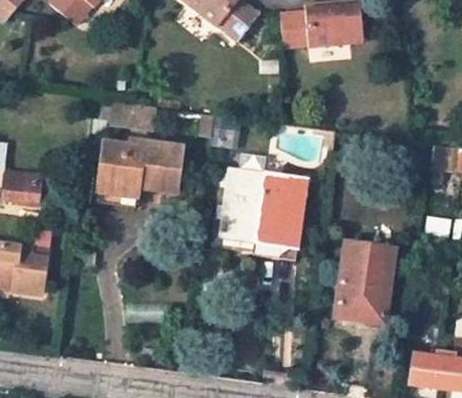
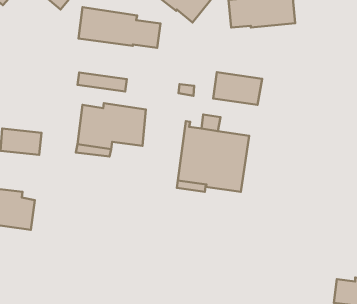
building: none -> [78,7,160,48]
building: none -> [213,72,262,105]
building: [334,243,393,324] -> none

